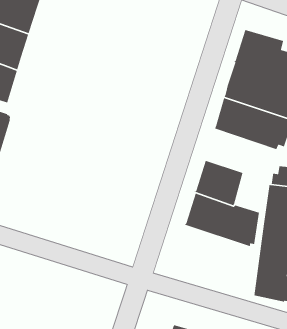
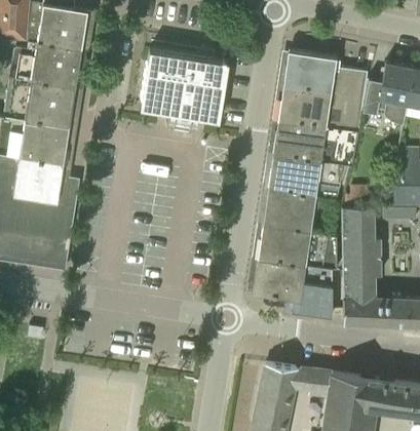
building: none -> [139,50,227,128]
building: none -> [270,159,344,200]
building: none -> [255,262,332,318]

